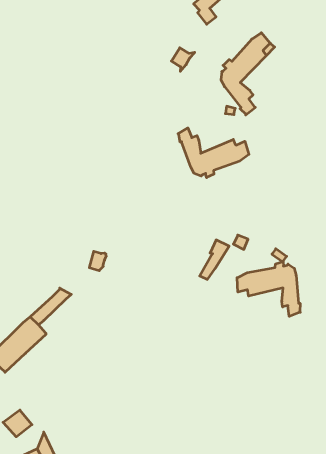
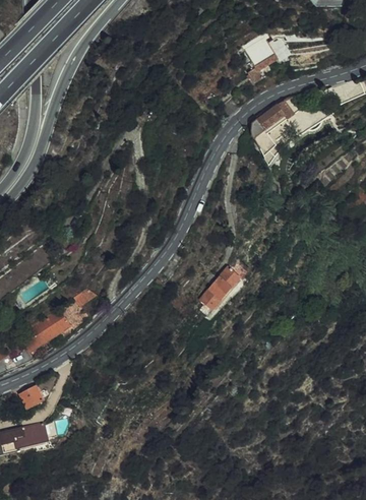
building: [178,128,249,178] -> none
building: [237,262,300,316] -> none

